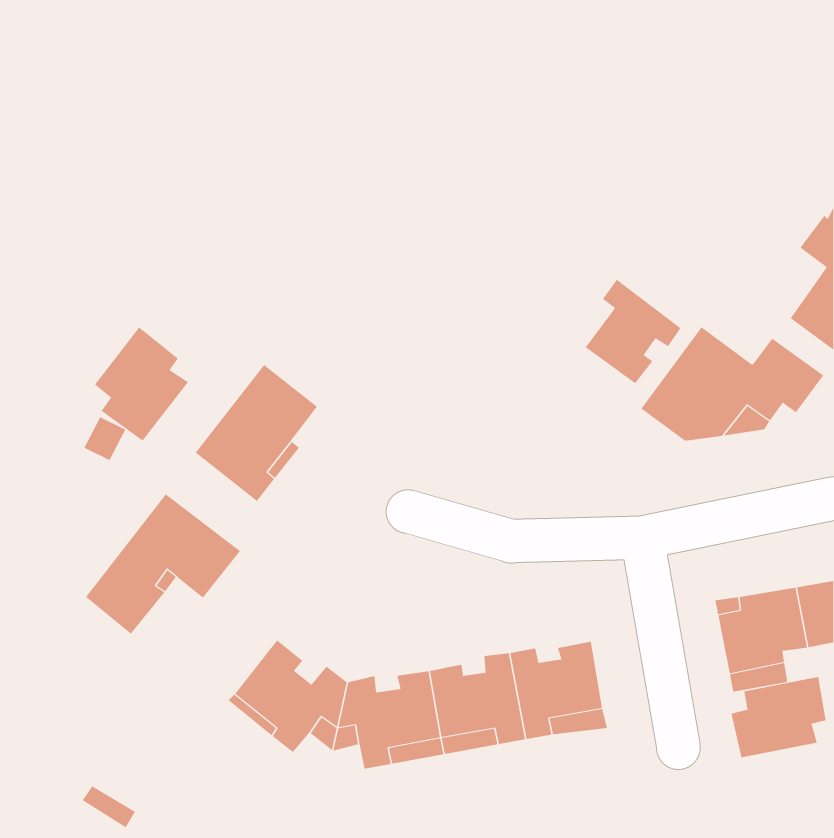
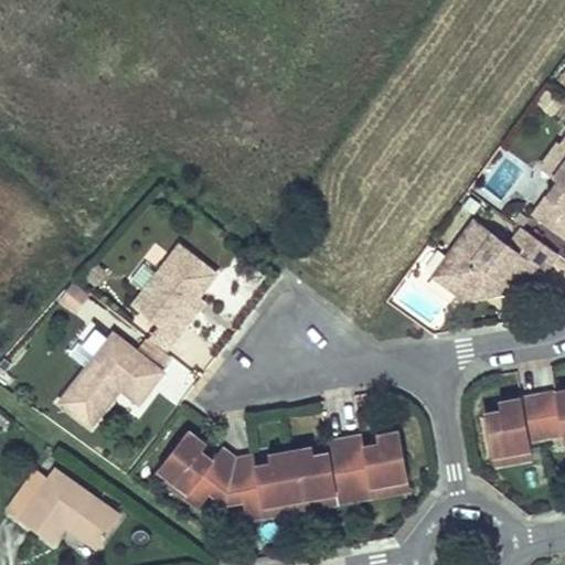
building: [585,279,681,384] -> none
building: [94,327,189,442] -> none
building: [731,676,826,758] -> none
building: none -> [8,469,121,547]

